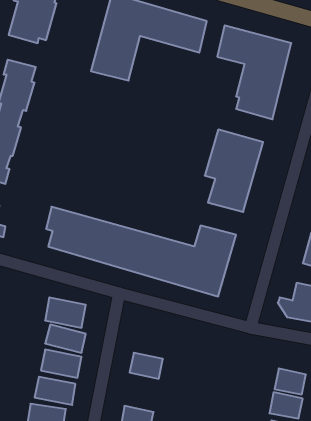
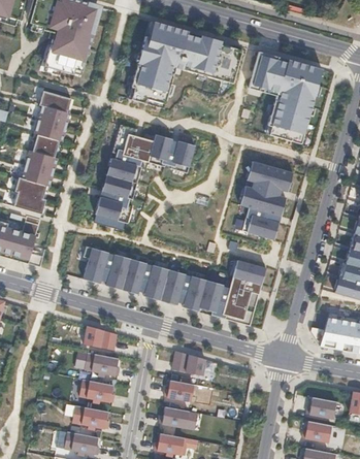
building: none -> [94,122,196,227]
building: none -> [170,352,207,378]
building: none -> [160,408,189,430]

